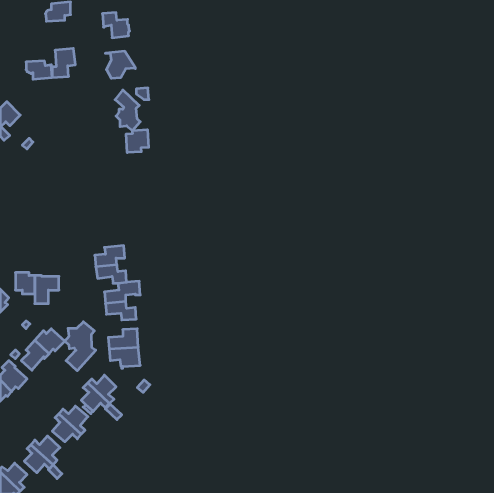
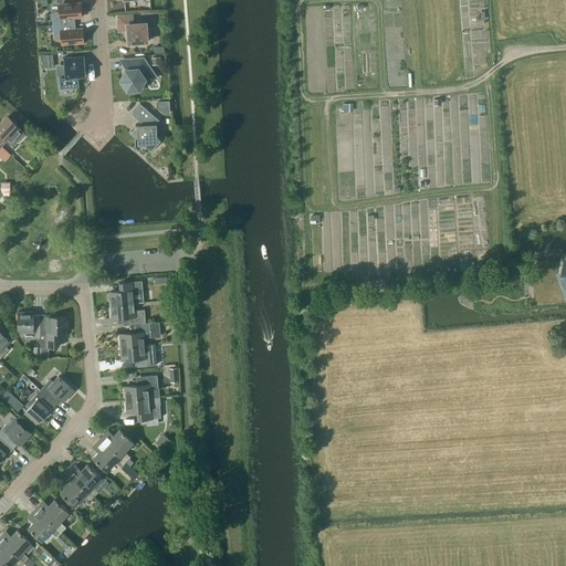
building: [26,61,52,79] -> [53,24,83,45]
building: [126,130,149,153] -> none
building: [65,322,96,371] -> none

